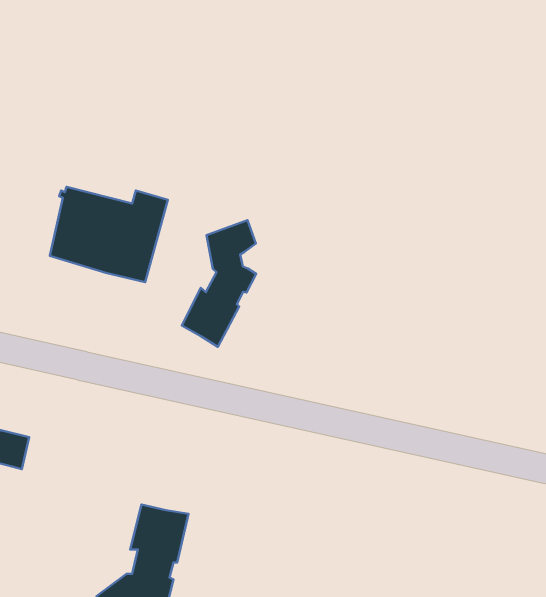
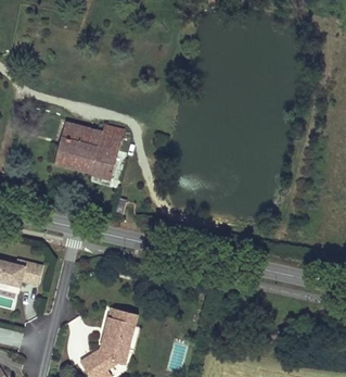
building: [182,220,256,347] -> none

